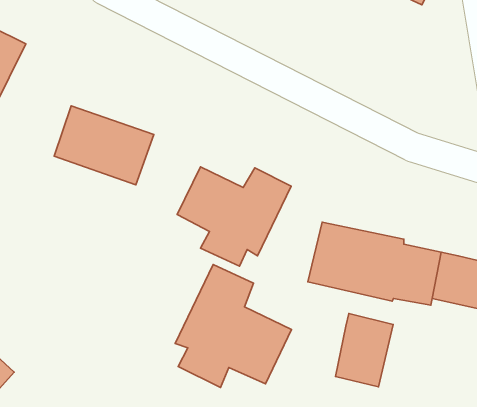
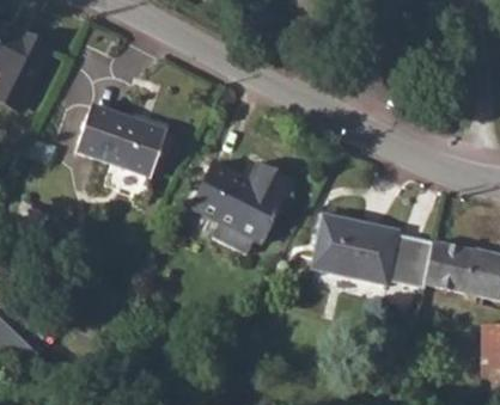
building: [175,264,291,387] -> none
building: [335,313,393,387] -> none

